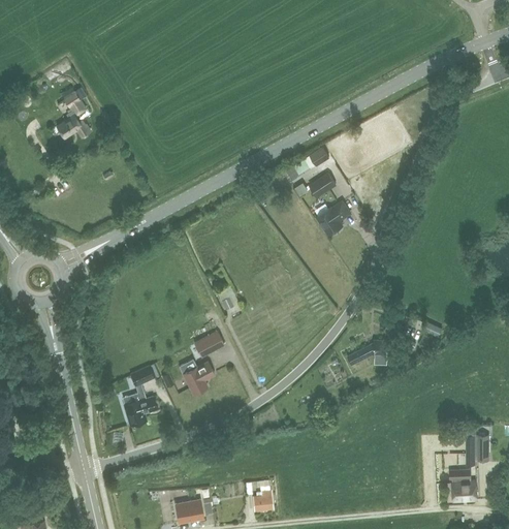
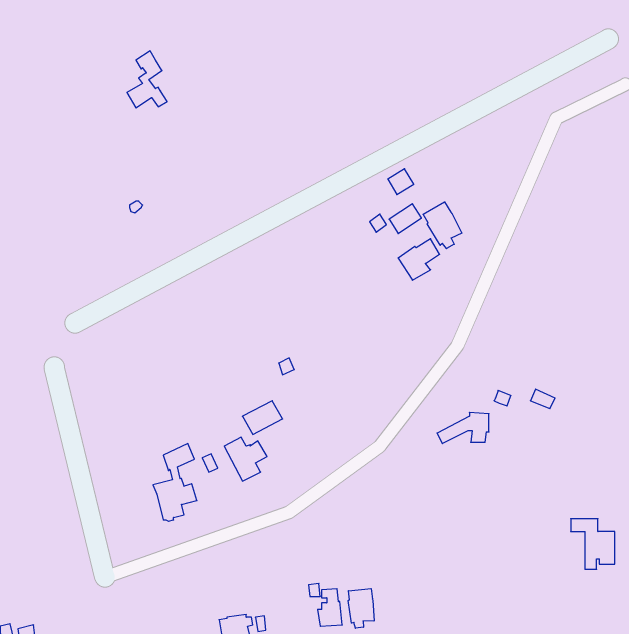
building: [57,93,89,138] -> [127,51,167,108]
building: none -> [423,202,462,249]
building: [449,468,477,501] -> none
building: none -> [348,589,374,628]

